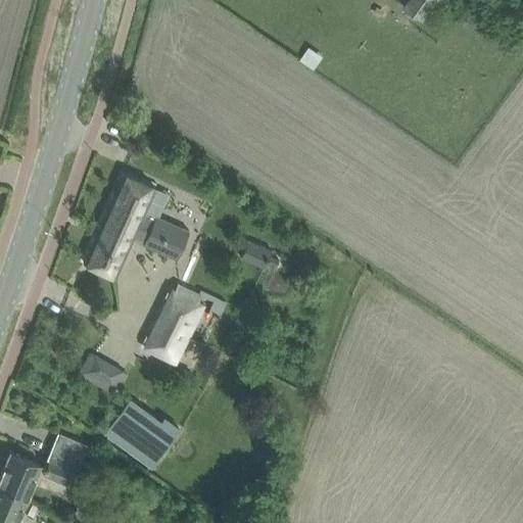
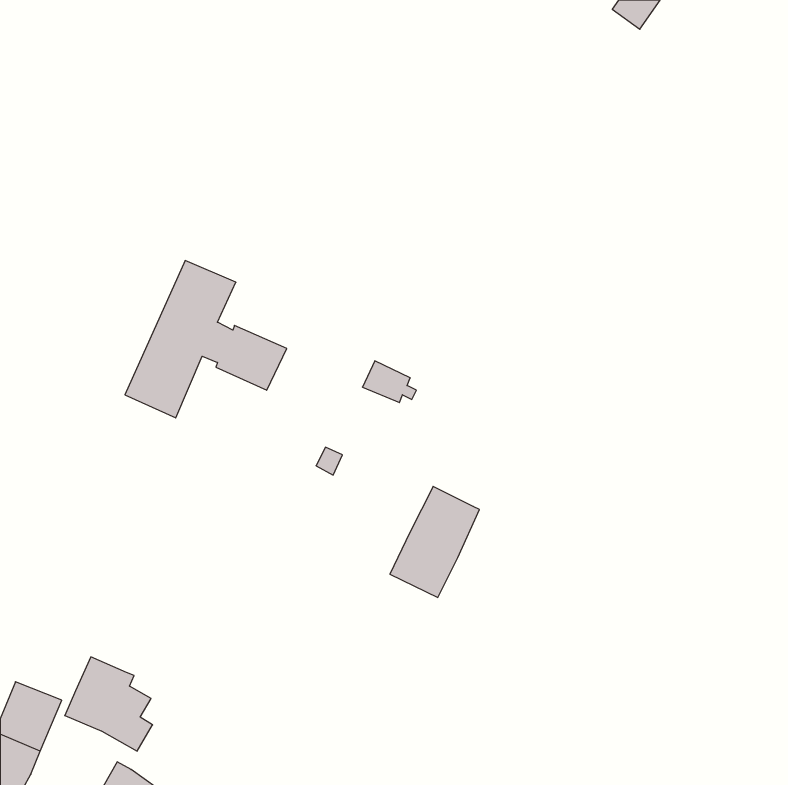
building: [144,291,203,365] -> [390,486,479,597]
building: [80,351,126,394] -> none
building: [115,408,177,467] -> none

